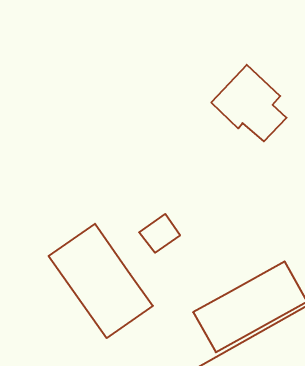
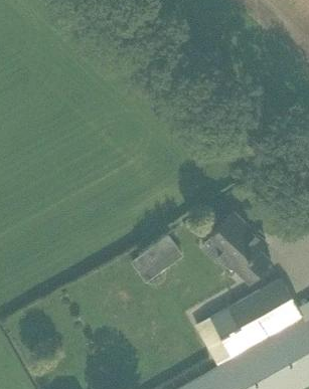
building: [211,65,287,141] -> [199,213,270,284]
building: [49,224,153,338] -> none

